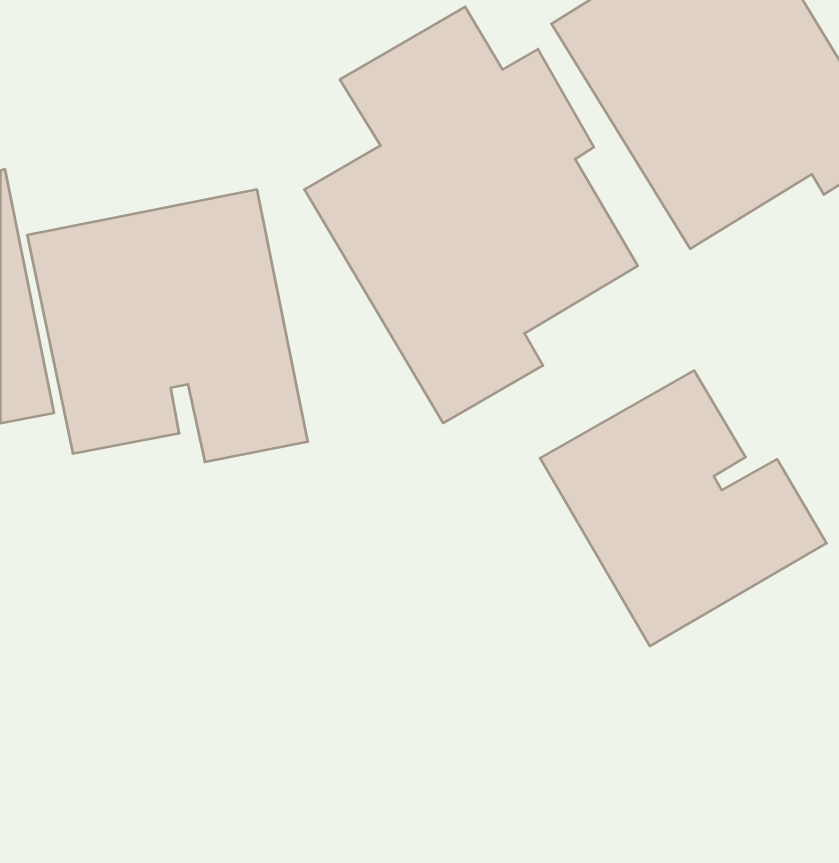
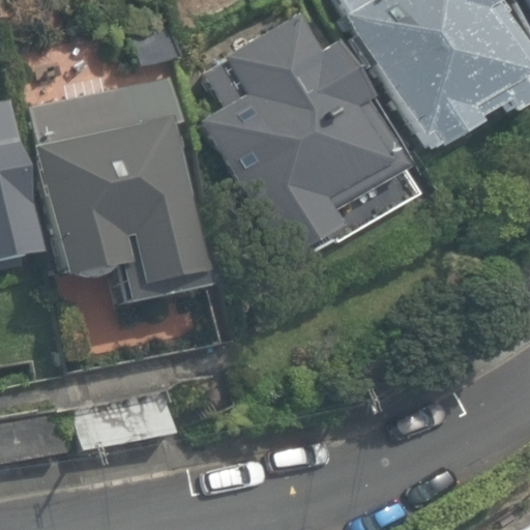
building: [540,371,827,646] -> none

